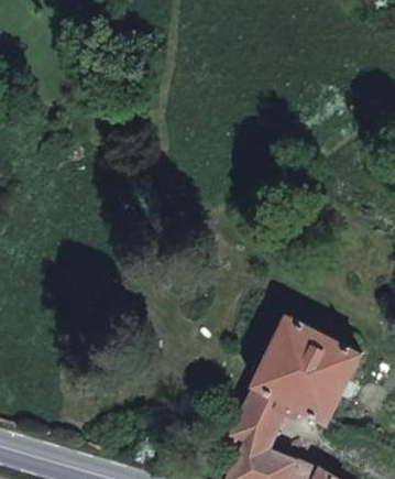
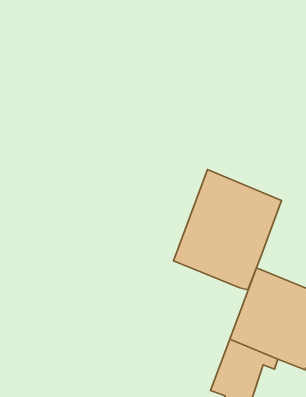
building: none -> [173,170,282,290]

